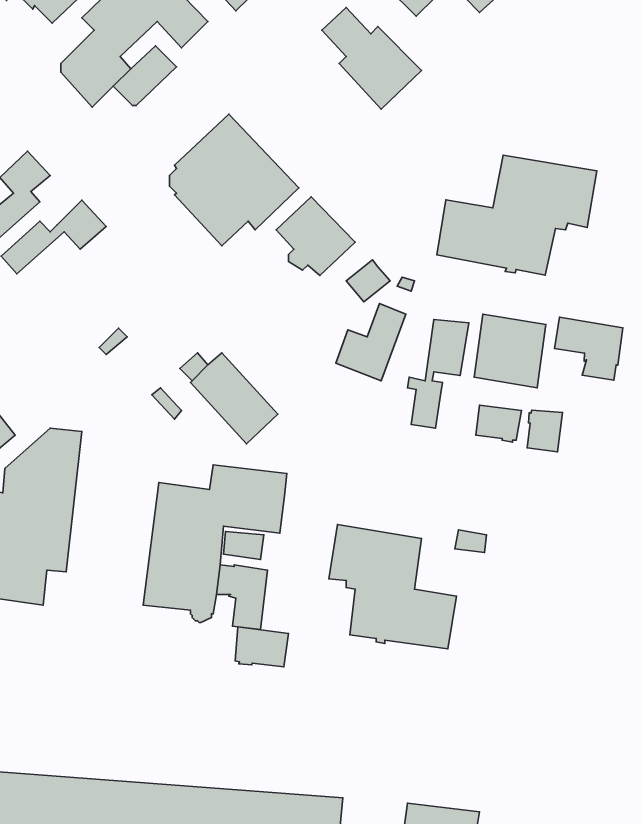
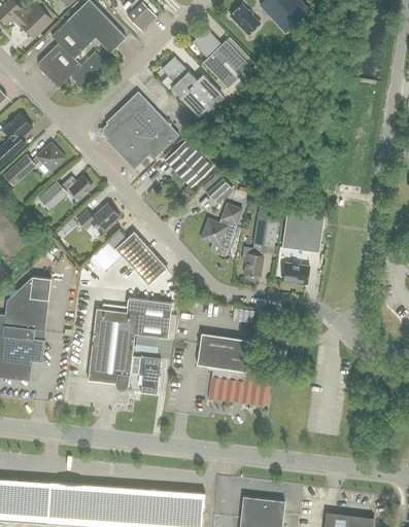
building: none -> [162,57,224,116]
building: [437,155,597,275] -> none
building: none -> [34,176,93,210]
building: none -> [78,203,121,231]
building: [555,317,623,380] -> none
building: [527,410,563,452] -> none
building: [235,627,289,667] -> none

